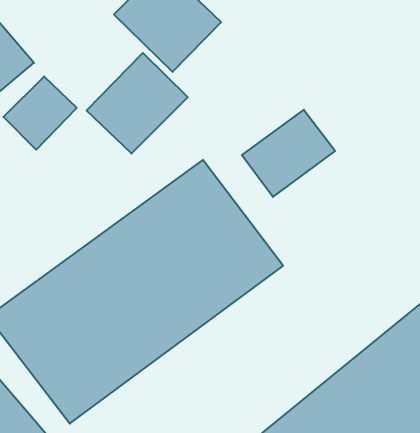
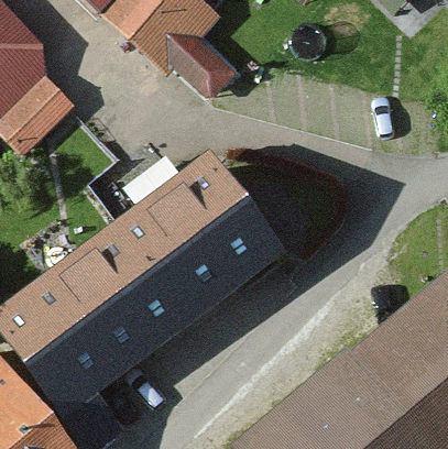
building: [87,53,188,154] -> none
building: [242,110,335,197] -> none

